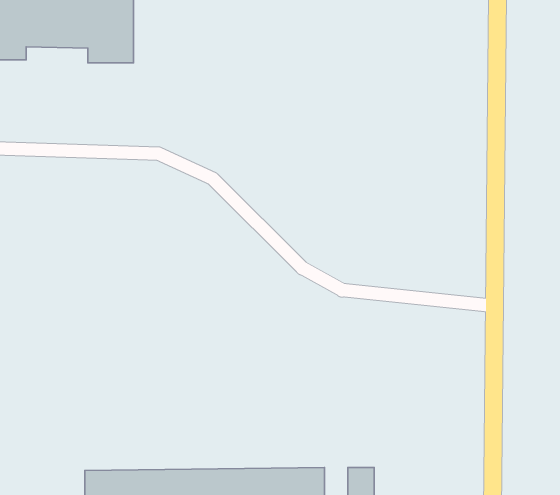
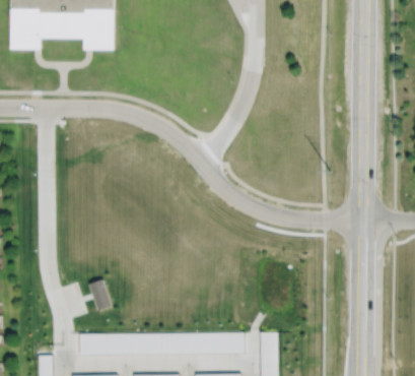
building: none -> [88,277,112,310]

